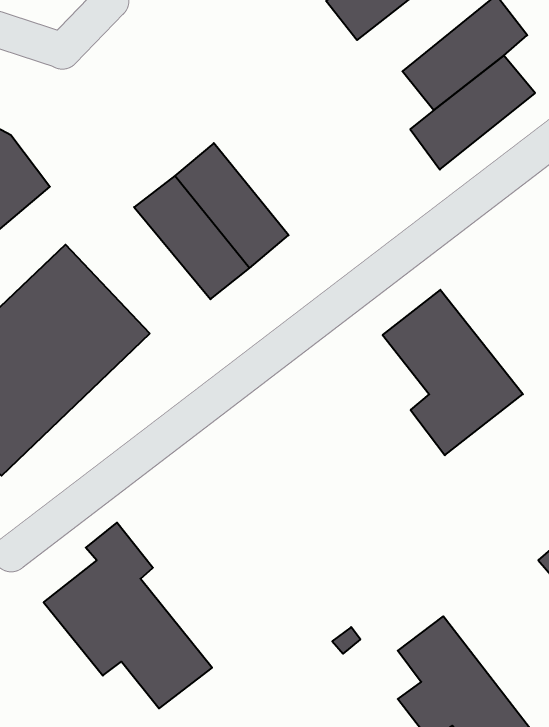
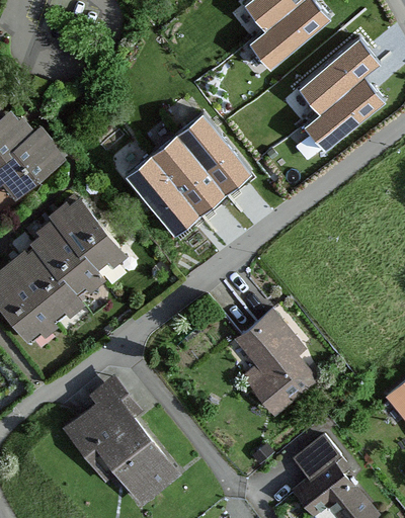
building: none -> [174,111,249,191]
building: [383,290,523,455] -> [234,312,325,419]

